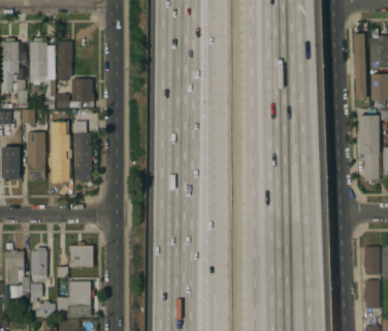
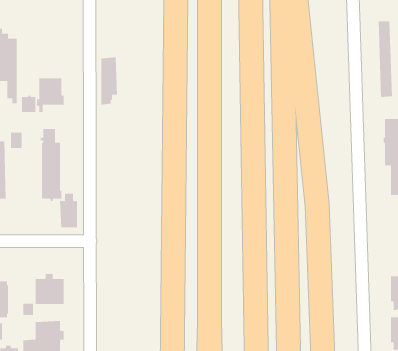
building: [57,41,71,81] -> [101,57,118,105]
building: [53,147,68,176] -> [59,193,78,228]

